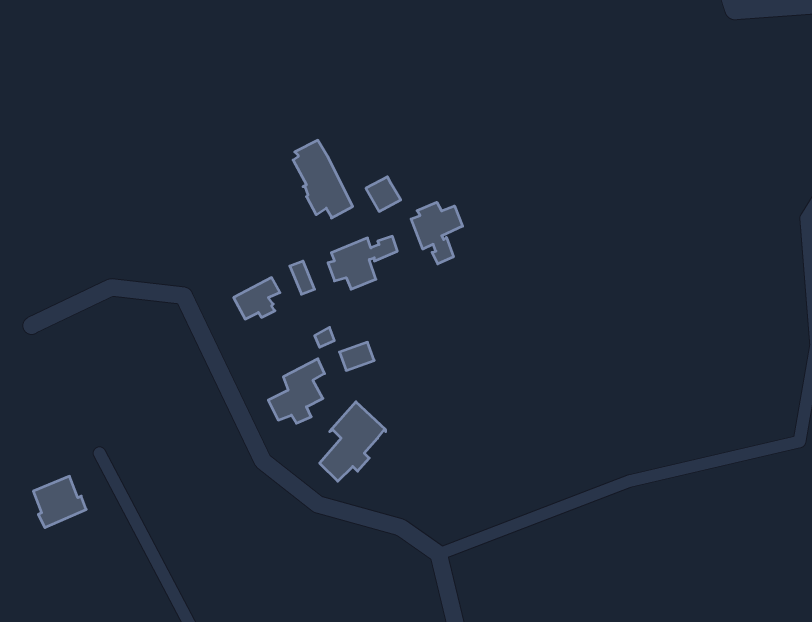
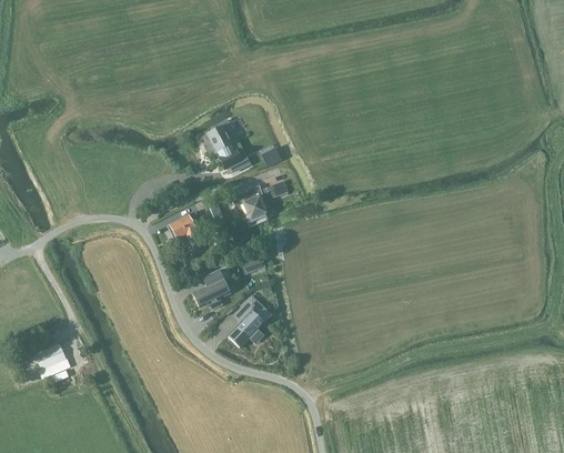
building: [411,202,463,264] -> none

